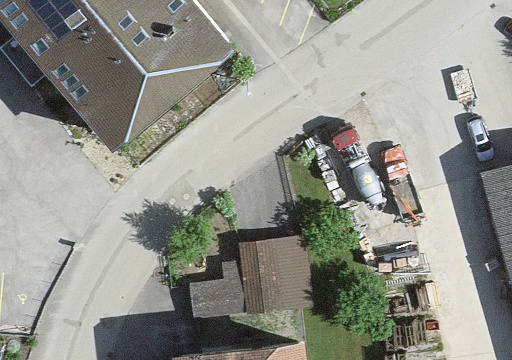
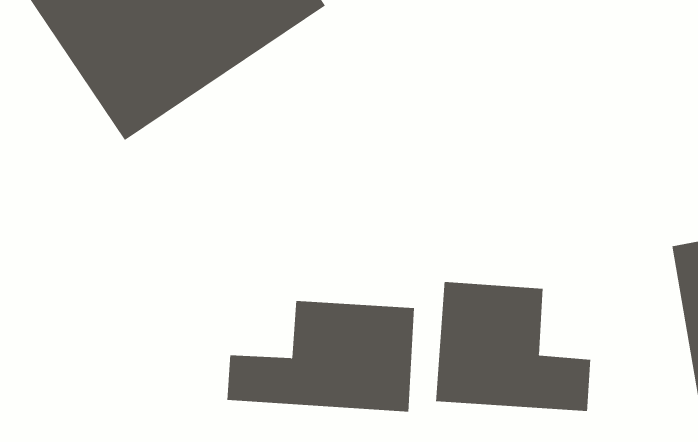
building: none -> [436,281,591,412]

